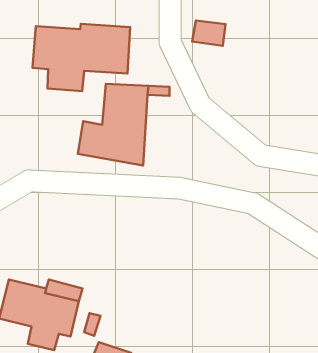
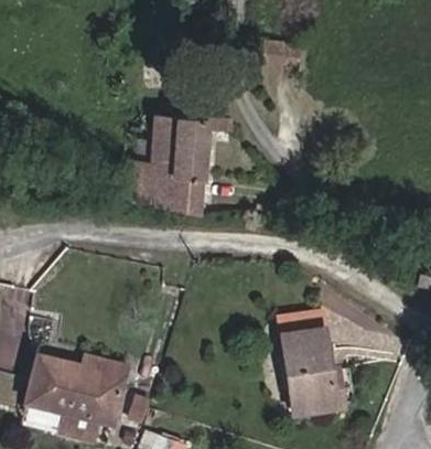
building: [33,24,130,91] -> none
building: none -> [279,310,344,414]

